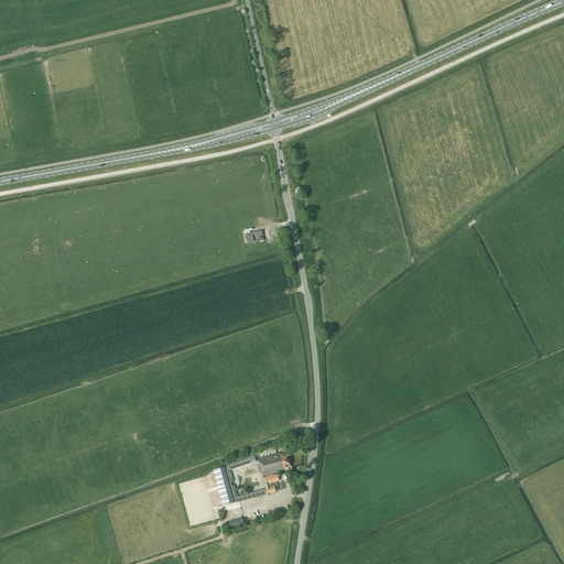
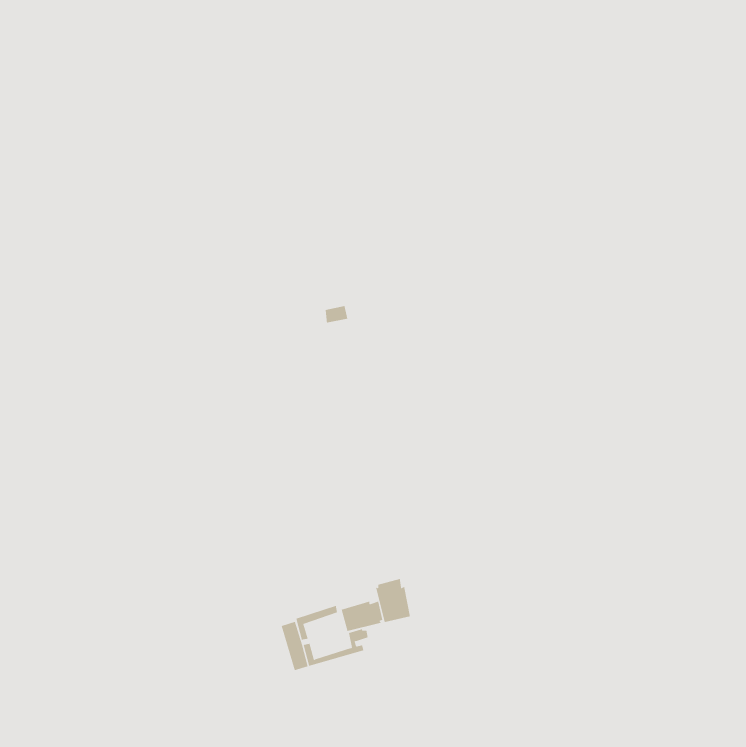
building: none -> [375,578,411,623]

